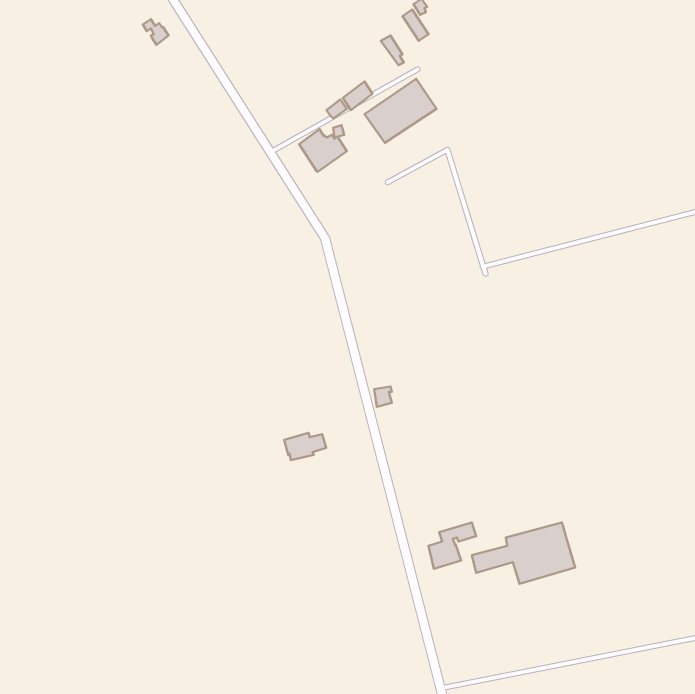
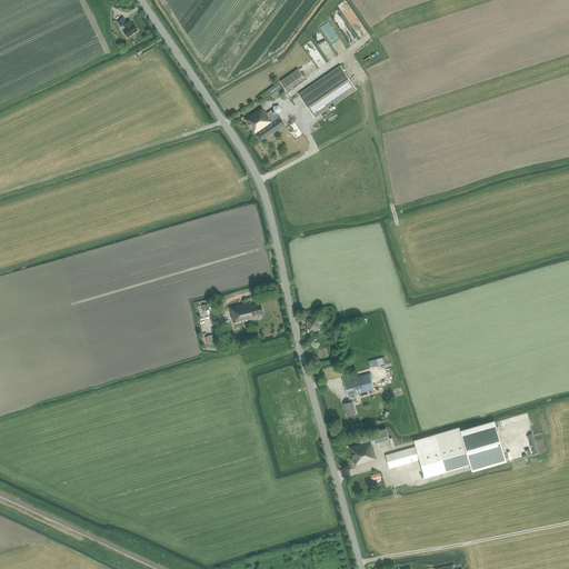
building: [284,433,326,460] -> [229,301,263,323]
building: none -> [343,372,375,415]
building: none -> [460,421,506,470]

